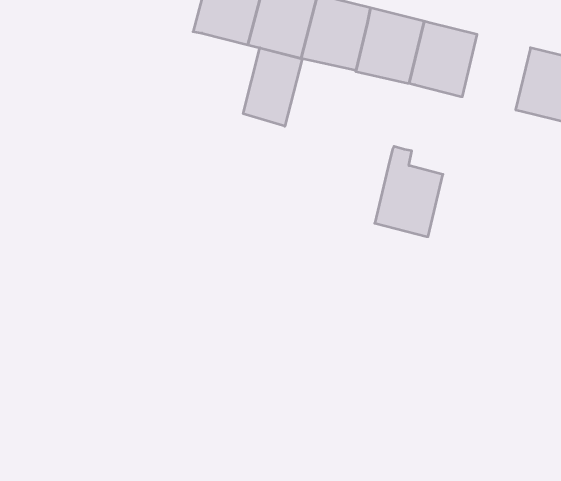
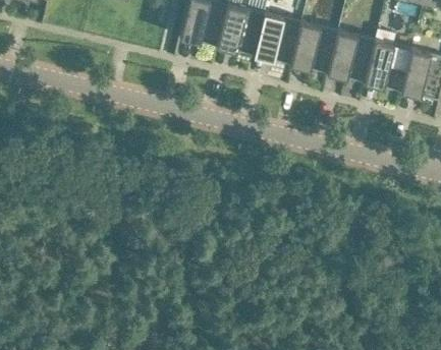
building: [243,48,302,126] -> none
building: [375,146,443,237] -> [364,31,410,93]

